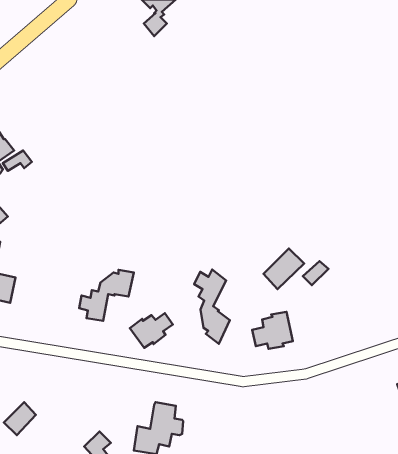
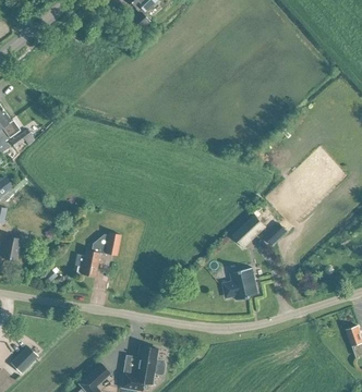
building: [194,270,230,344] -> none
building: [130,313,173,348] -> none

